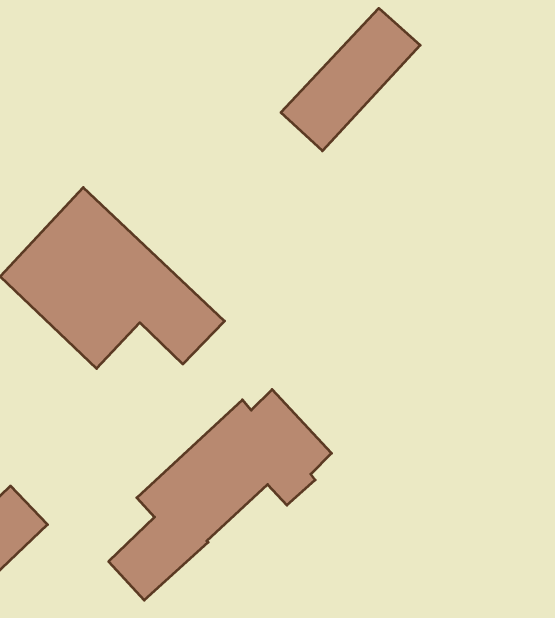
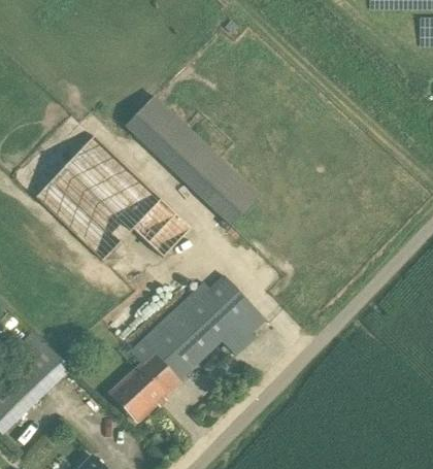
building: [281,8,420,151] -> none
building: none -> [121,92,259,224]

